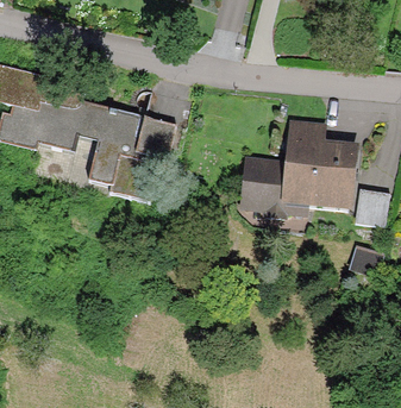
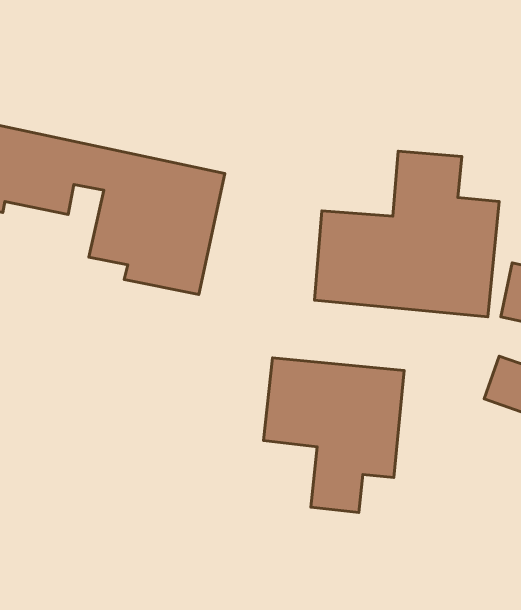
building: none -> [264,358,404,512]

